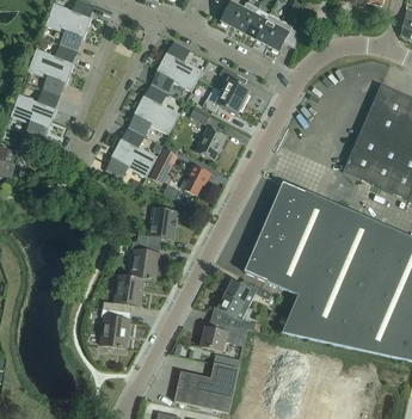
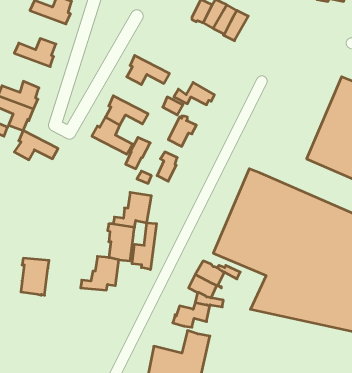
building: [45,13,87,49] -> none
building: [266,19,297,53] -> none
building: [160,41,202,80] -> none
building: [27,58,70,95] -> none
building: [220,66,251,103] -> none
building: [137,84,180,123] -> none
building: [105,147,152,178] -> [14,131,58,160]
building: none -> [132,223,157,270]
building: [100,308,130,347] -> [21,258,49,295]

